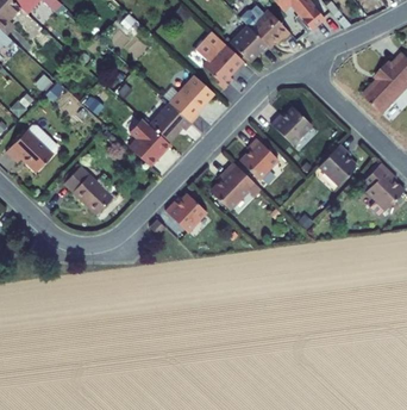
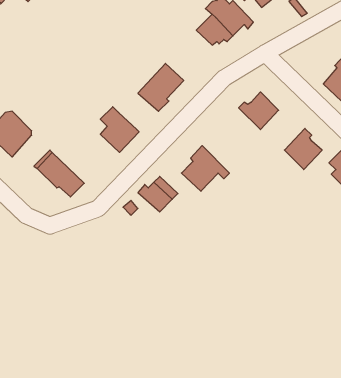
building: [198,27,246,86] -> none
building: [149,106,190,144] -> none
building: [244,137,283,179] -> none

